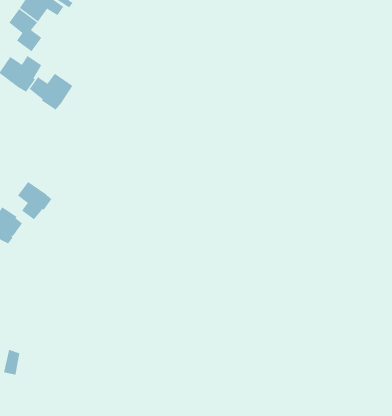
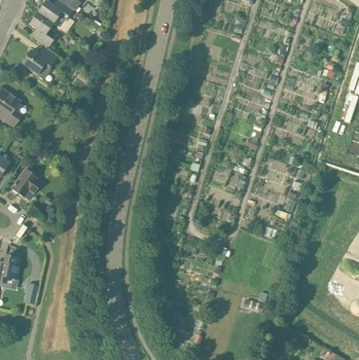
building: [29,73,73,111] -> none
building: [17,181,52,220] -> none

